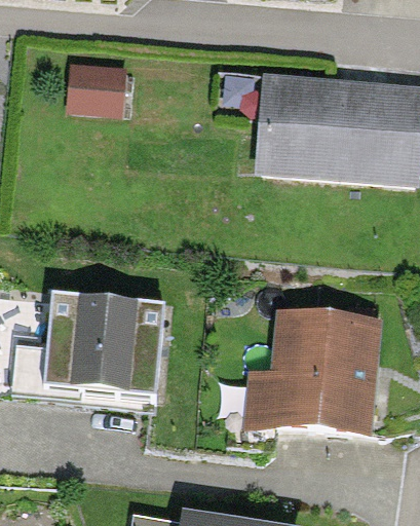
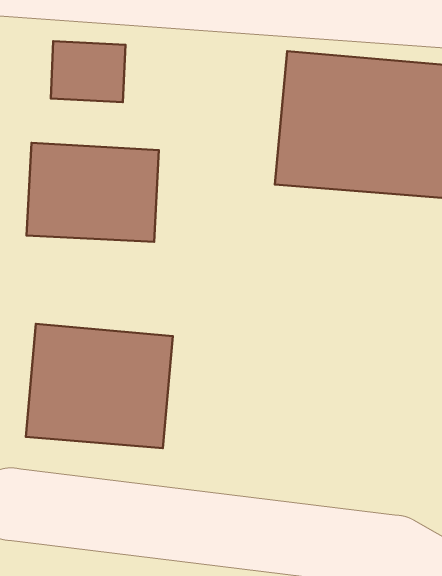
building: none -> [27,143,159,242]
building: [268,305,382,439] -> none

